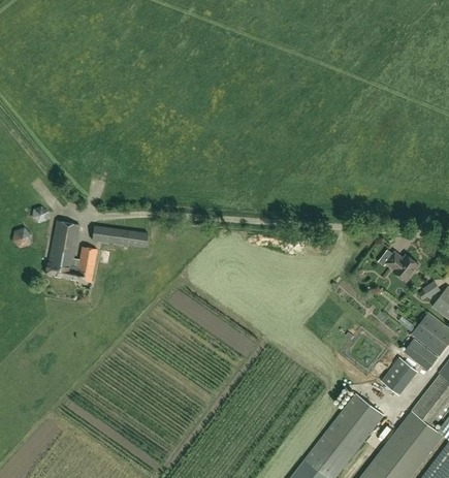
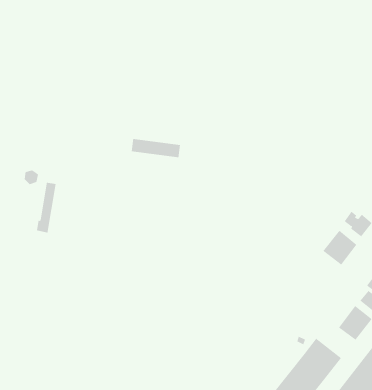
building: [58,222,96,282] -> none
building: [91,225,147,247] -> [131,138,181,158]
building: none -> [322,230,357,266]

